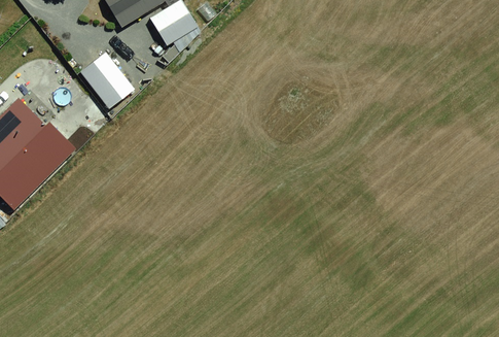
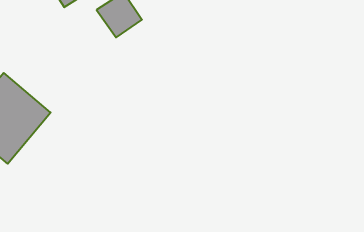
building: [75,52,139,117] -> none

